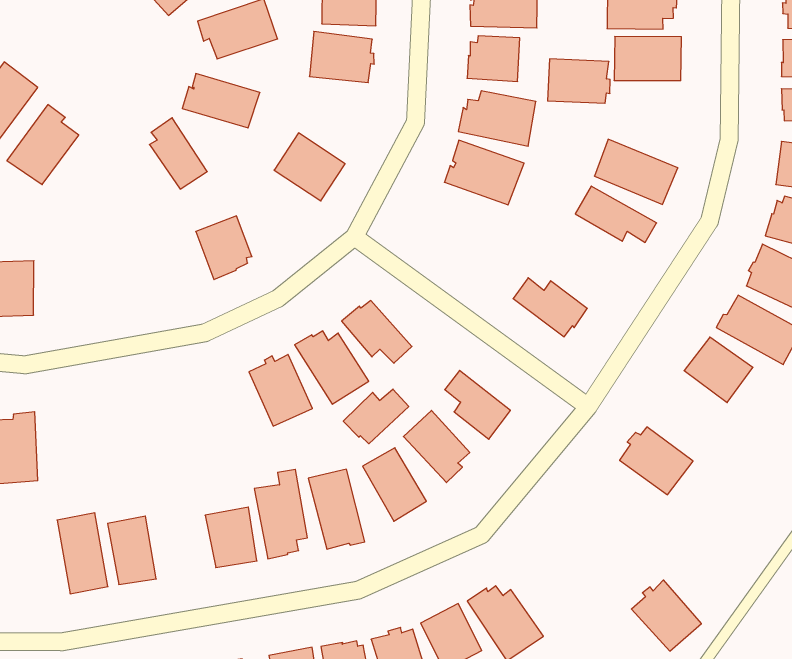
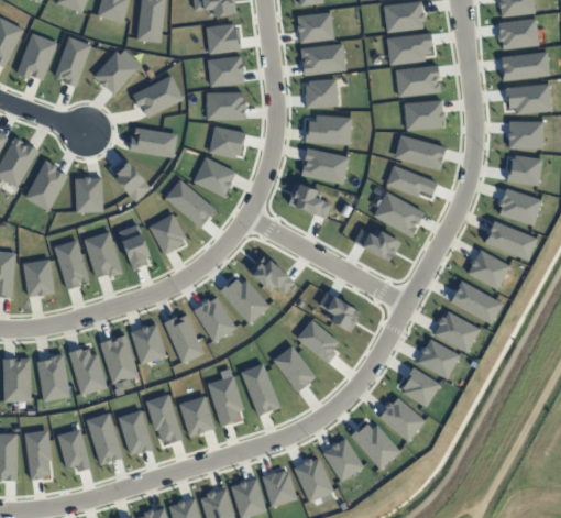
building: [548,59,610,103] -> [404,100,444,130]
building: none -> [209,126,245,158]
building: none -> [75,177,103,212]
building: none -> [164,179,216,228]
building: none -> [288,181,331,218]
building: none -> [118,223,150,269]
building: none -> [373,191,424,236]
building: none -> [84,231,122,277]
building: none -> [54,240,89,289]
building: none -> [164,315,204,362]
building: none -> [450,279,502,323]
building: none -> [131,323,166,364]
building: [343,389,409,444] -> none
building: none -> [100,334,139,395]
building: none -> [68,348,107,395]
building: none -> [417,339,459,378]
building: none -> [145,394,183,443]
building: none -> [400,366,440,406]
building: none -> [57,428,91,471]
building: [631,580,701,651] -> [380,396,425,440]

